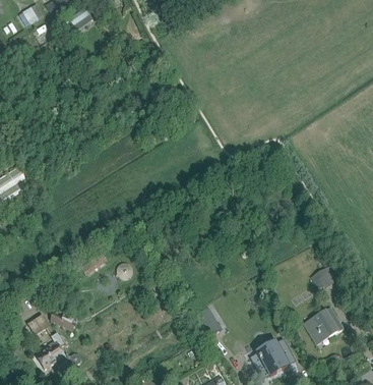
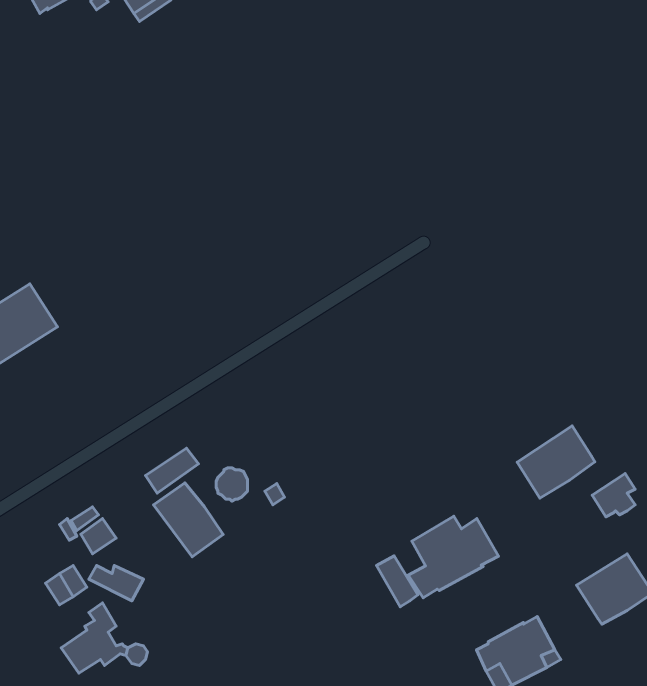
building: none -> [517,426,595,498]
building: none -> [154,483,223,557]
building: none -> [408,516,498,598]

